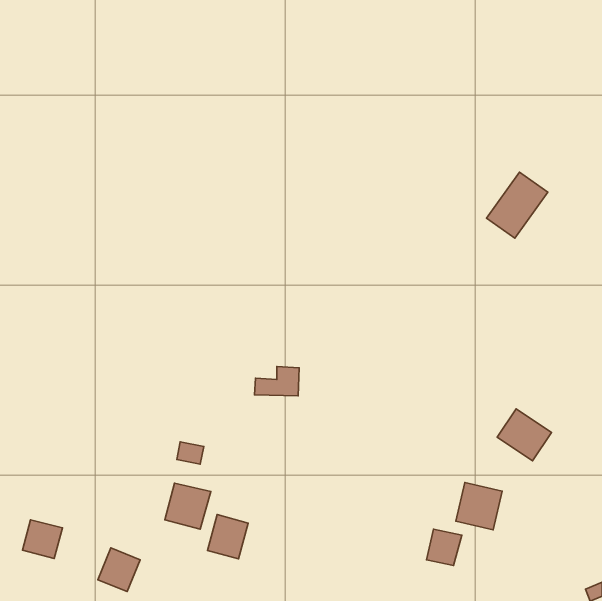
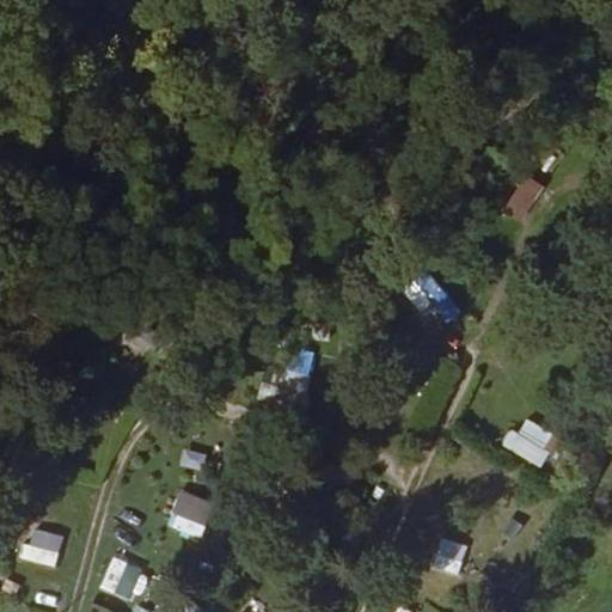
building: [456,483,502,530] -> none
building: [208,515,248,559] -> none

